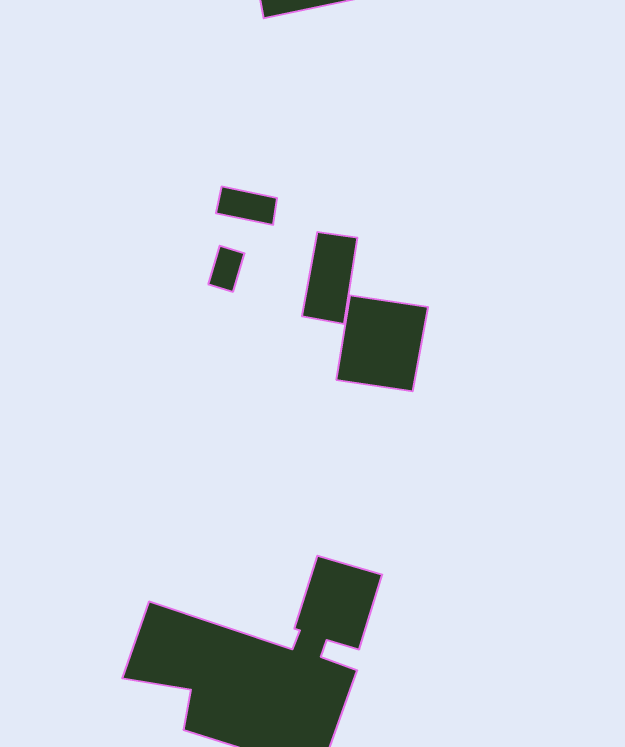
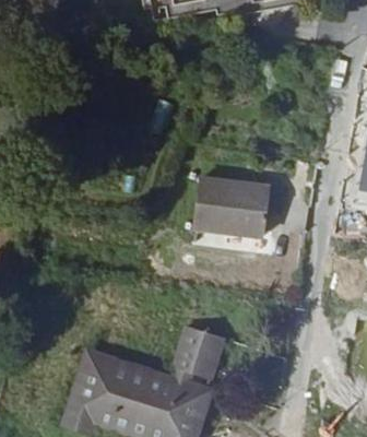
building: [302,232,357,324] -> [239,182,271,235]
building: none -> [64,394,113,429]

